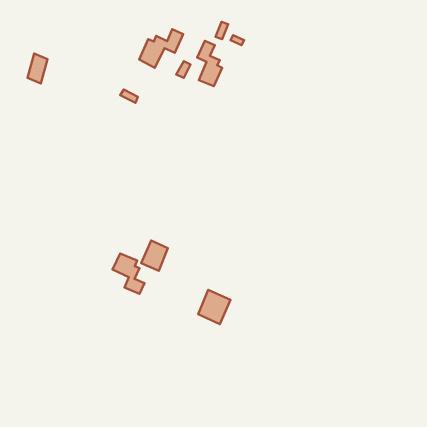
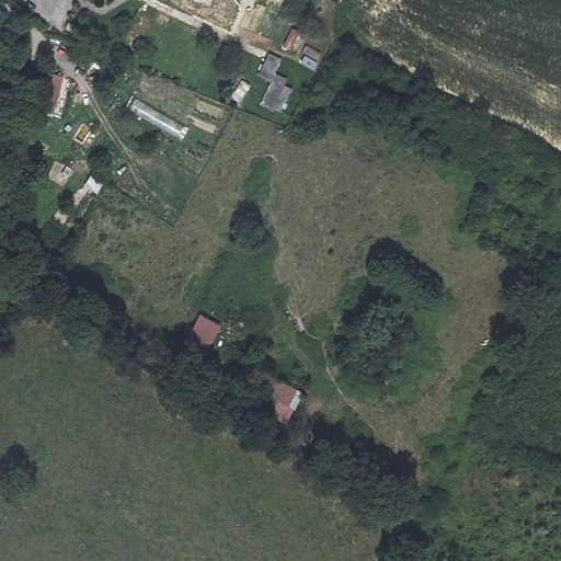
building: [139,29,183,68] -> none
building: [113,253,144,294] -> none

